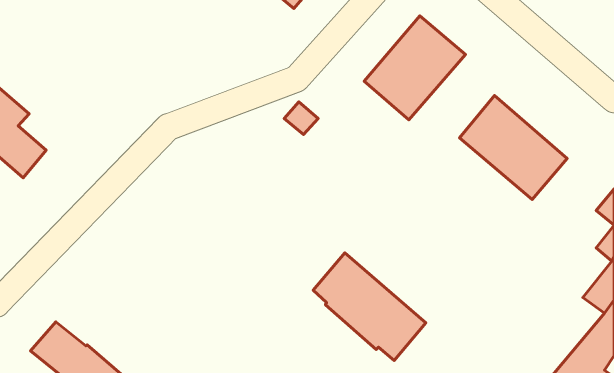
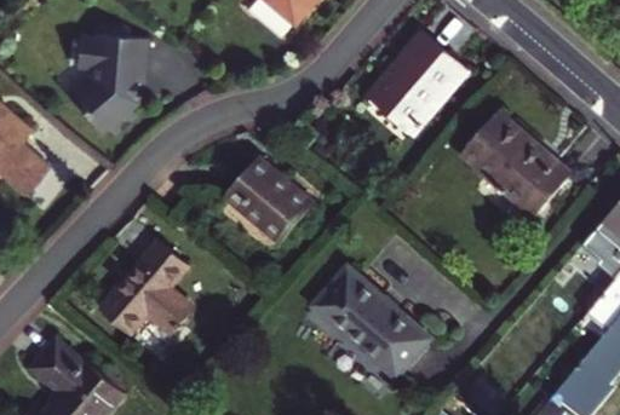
building: none -> [73,21,148,131]
building: none -> [225,157,312,242]
building: none -> [102,240,195,335]

